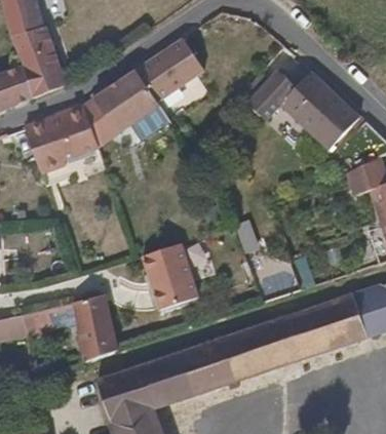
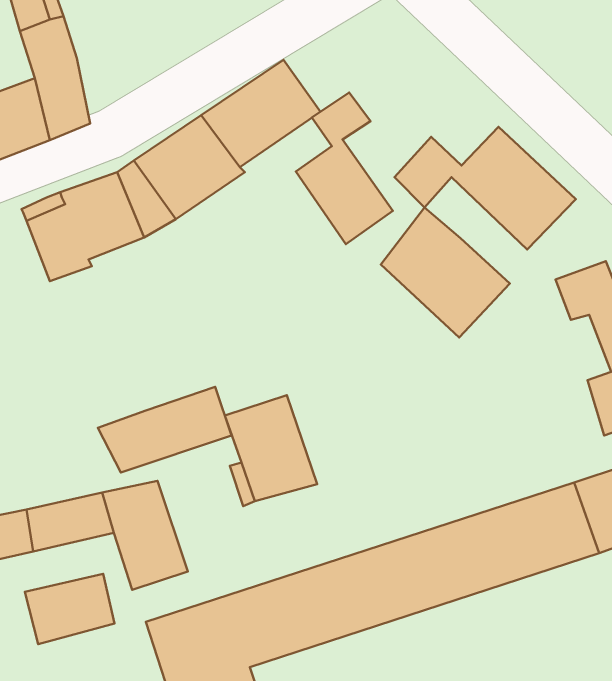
building: none -> [296,93,393,244]
building: none -> [381,207,510,338]
building: none -> [98,387,231,472]
building: none -> [25,574,114,644]

